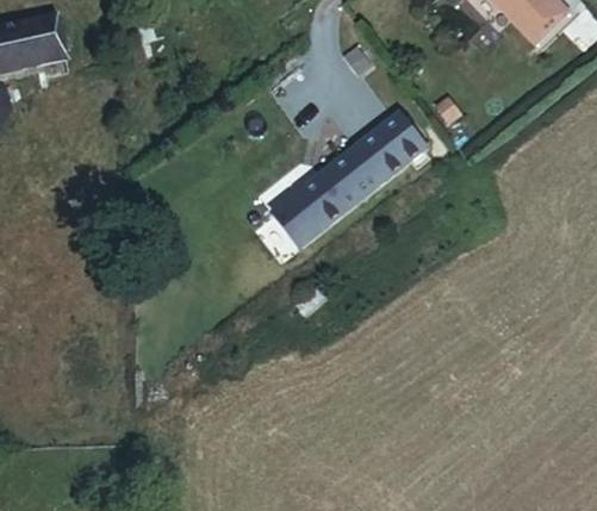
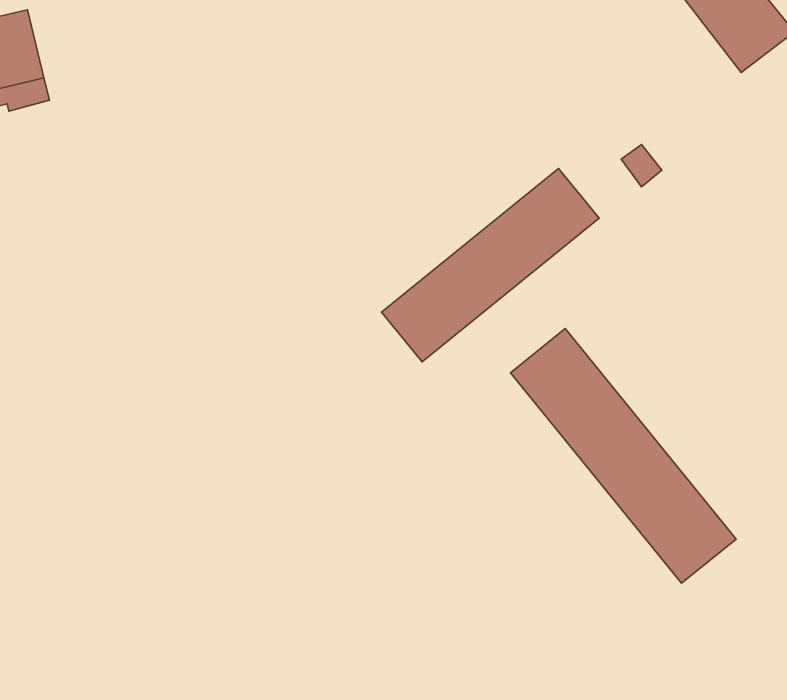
building: none -> [511,329,736,583]

